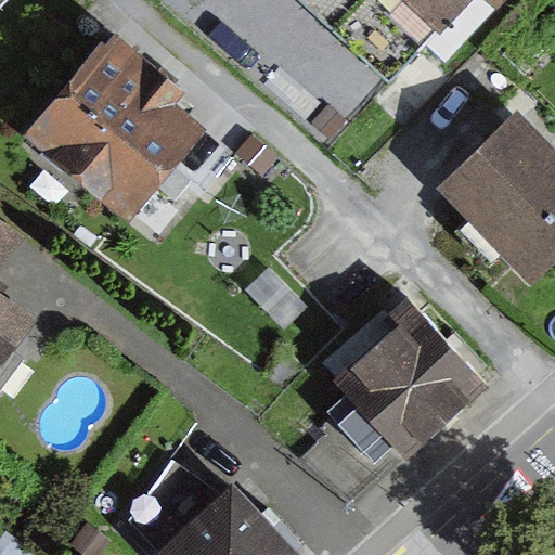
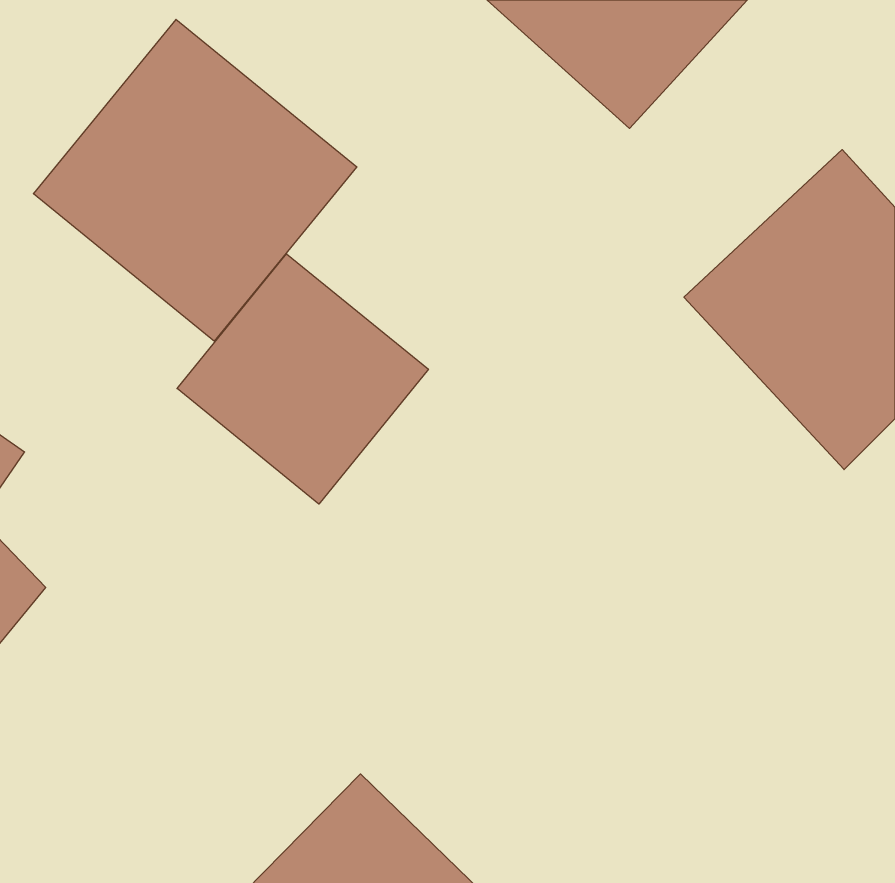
building: none -> [177,254,428,504]
building: [325,299,488,461] -> none

